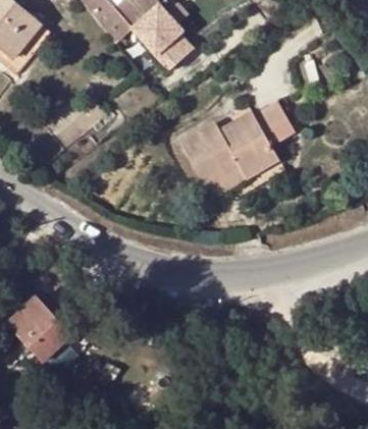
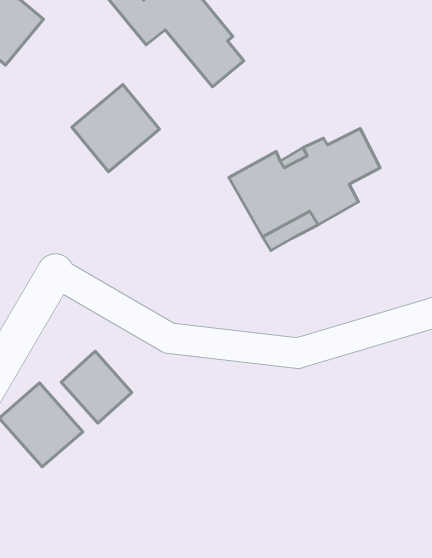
building: none -> [72,84,159,172]
building: none -> [61,351,132,423]

